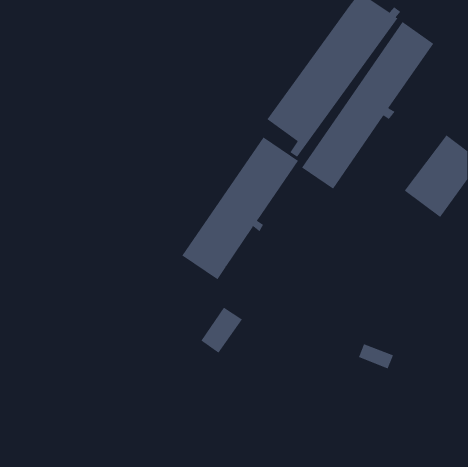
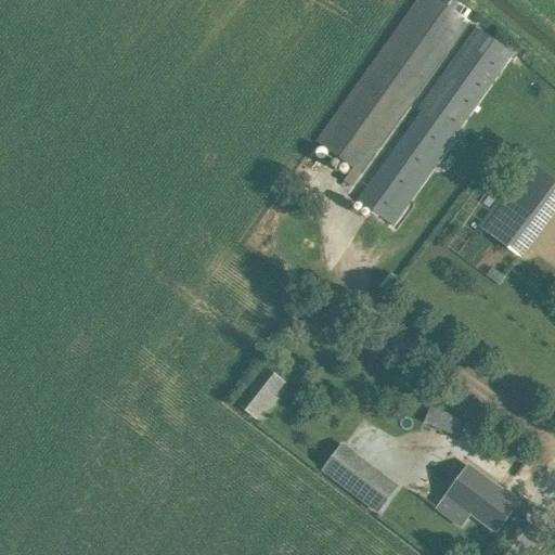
building: [181,136,299,280] -> none
building: none -> [322,446,398,513]
building: none -> [438,465,518,531]

